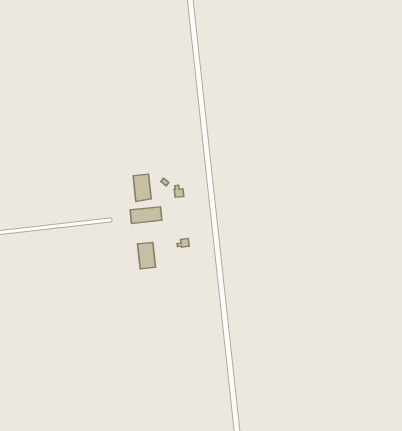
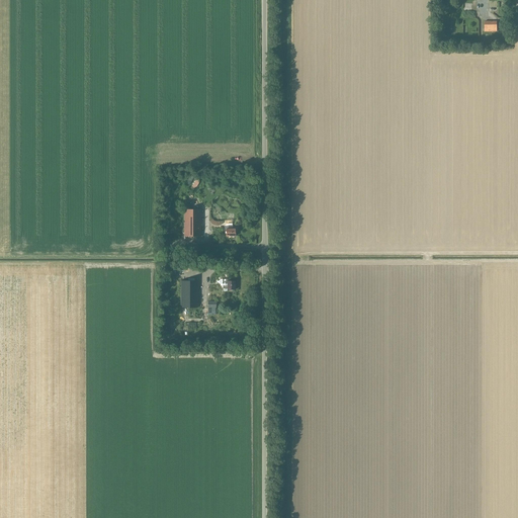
building: [130,207,162,224] -> none

